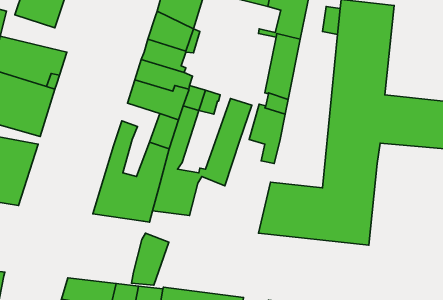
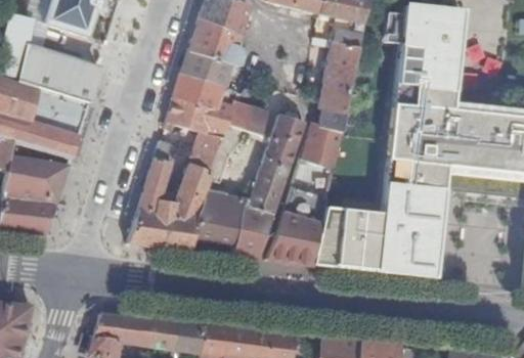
building: none -> [267,185,328,263]
building: [132,233,169,285] -> [234,200,275,258]

